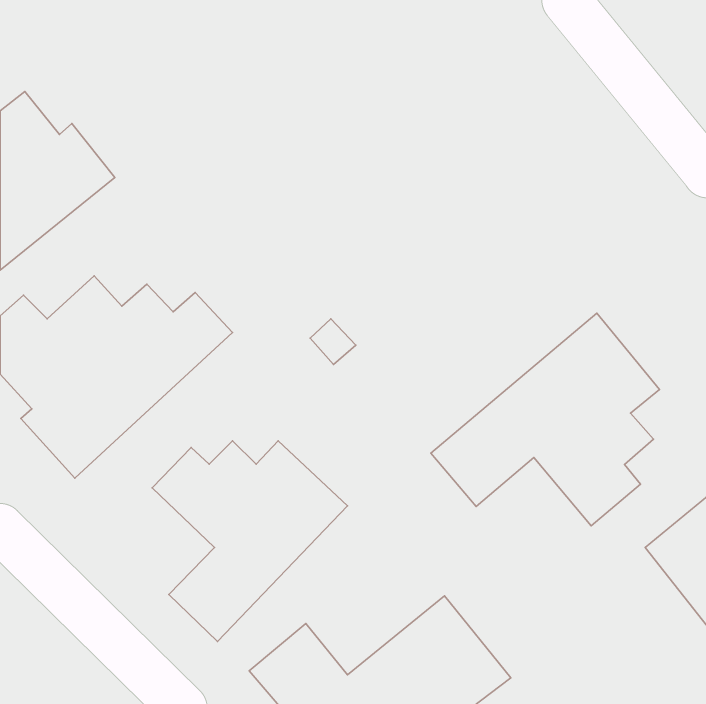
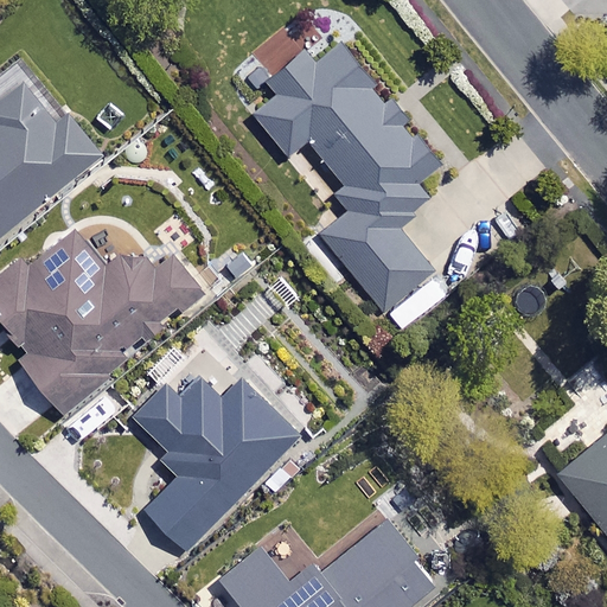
building: none -> [250,41,451,322]
building: [431,313,659,526] -> none

